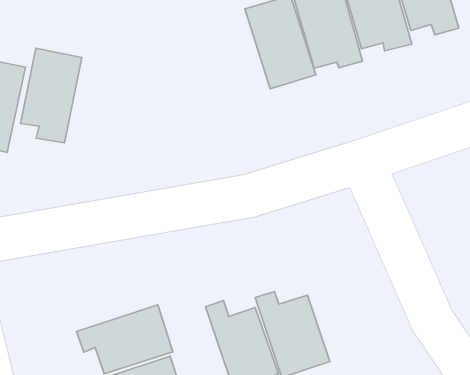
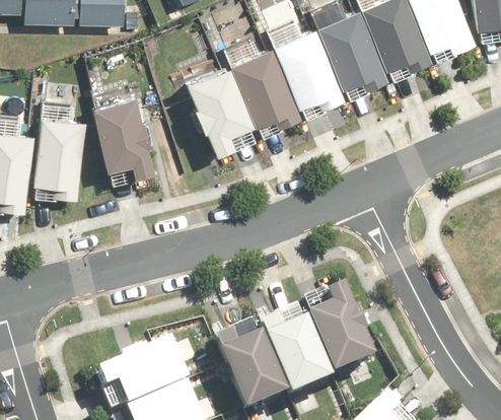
building: none -> [173,62,259,159]
building: none -> [97,93,157,174]
building: none -> [312,287,377,375]

